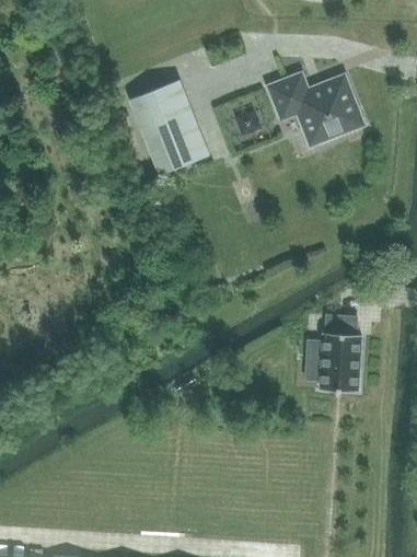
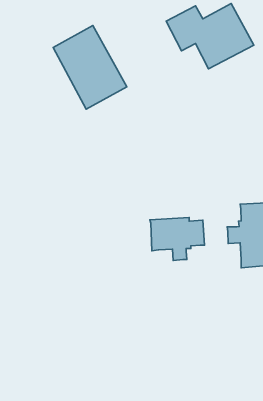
building: none -> [150,218,204,260]

